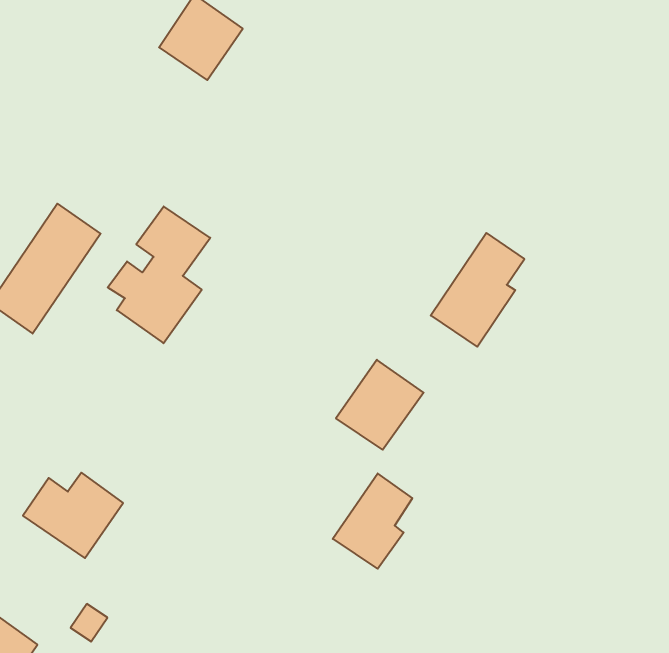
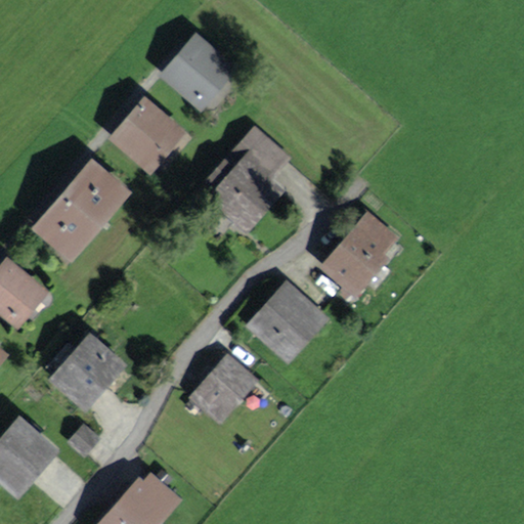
building: none -> [121,106,176,162]
building: [108,206,210,343] -> [214,133,283,221]
building: [333,473,412,569] -> [194,357,249,419]

